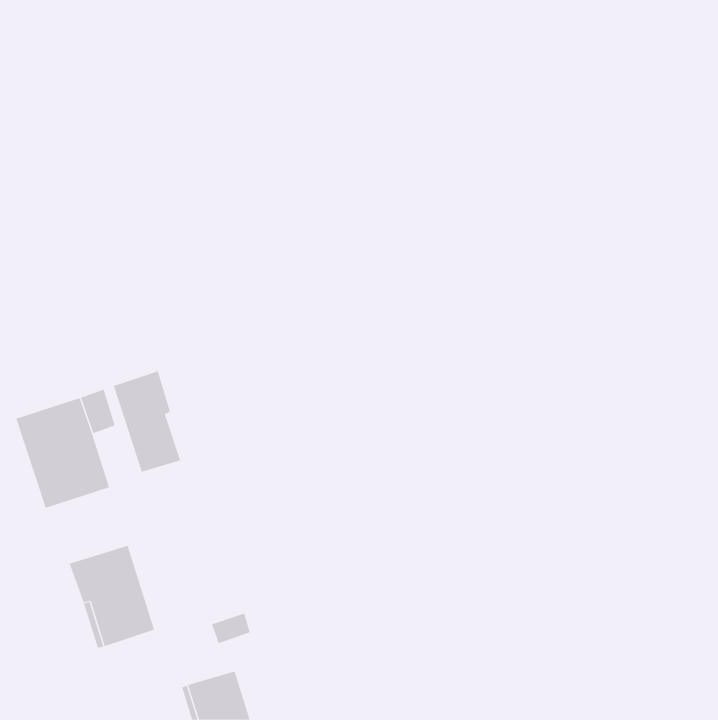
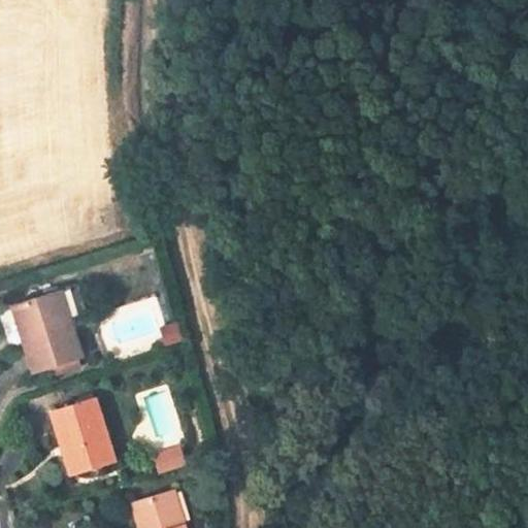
building: [113,371,181,473] -> none

